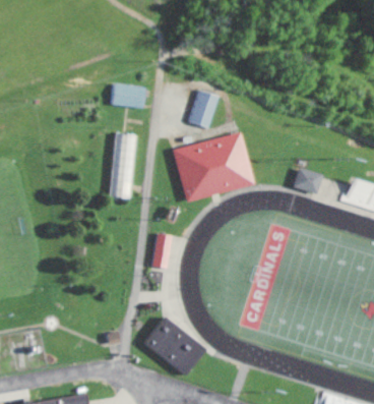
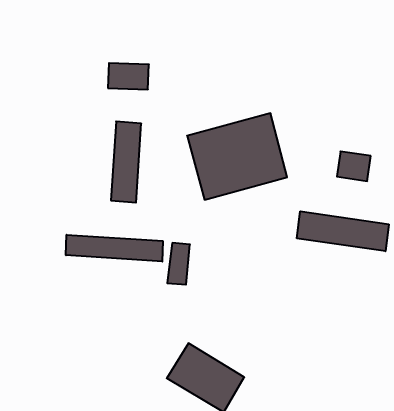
building: [190,92,217,128] -> none
building: none -> [297,211,389,251]
building: none -> [66,235,163,262]

